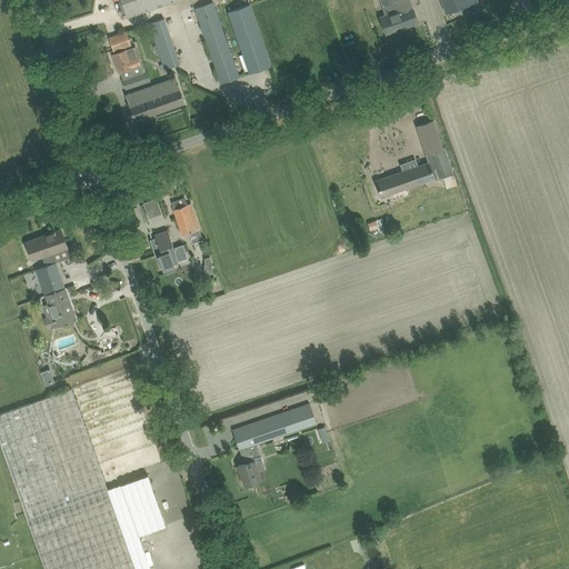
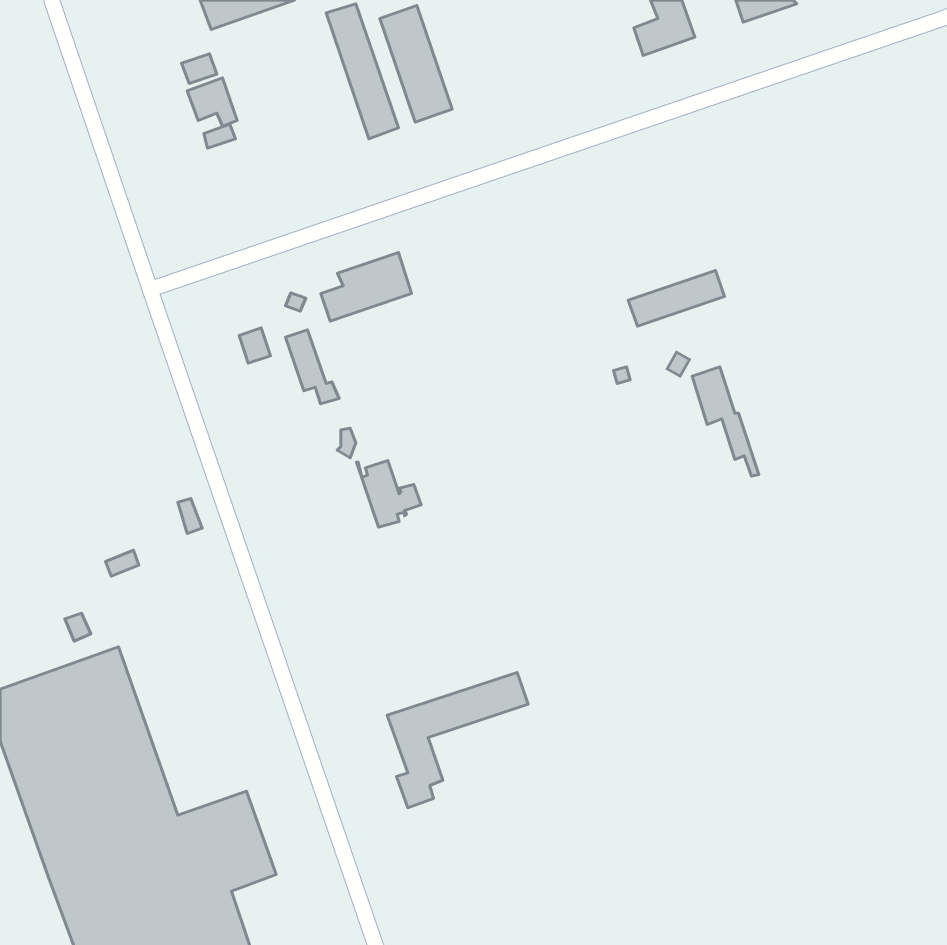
building: [149,20,180,70] -> none
building: [129,80,183,121] -> [321,253,412,321]
building: [417,121,457,187] -> [692,367,759,476]
building: [27,229,76,327] -> none
building: [149,231,188,271] -> [356,460,421,527]

